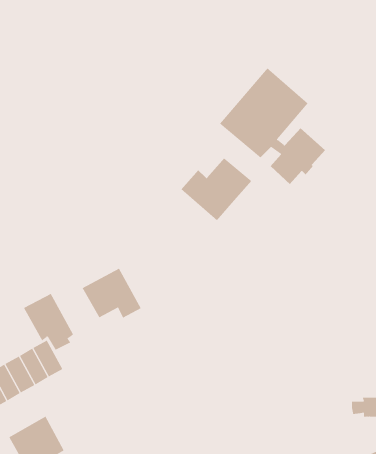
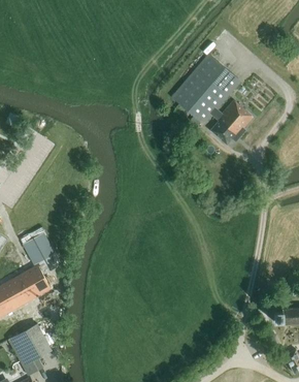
building: [180,157,252,221] -> none
building: [82,268,141,318] -> none

